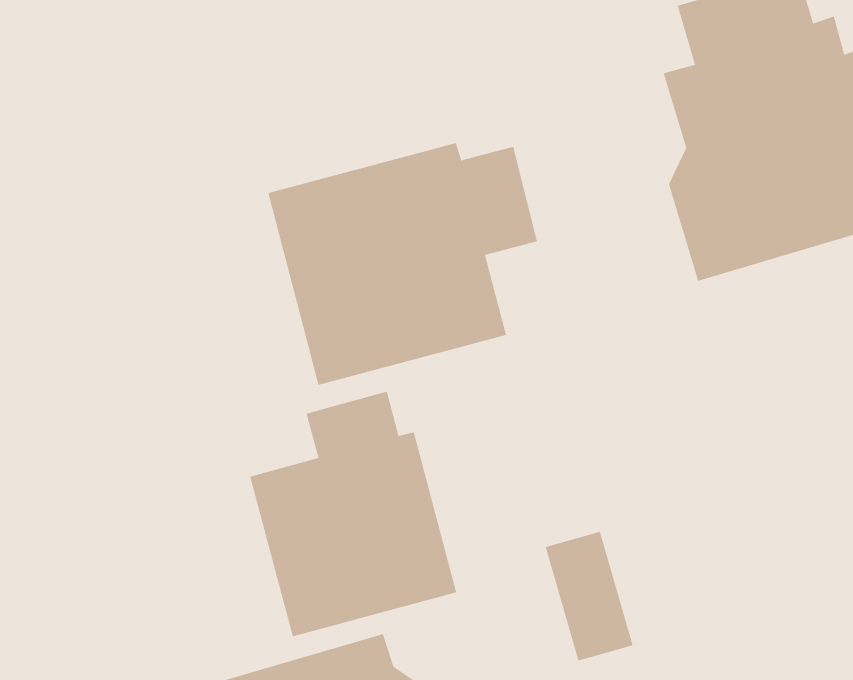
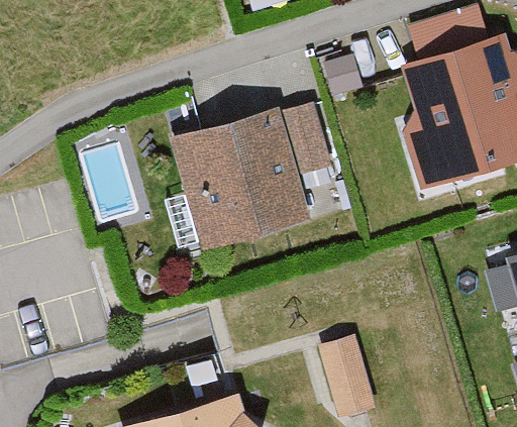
building: [250,391,457,637] -> none

